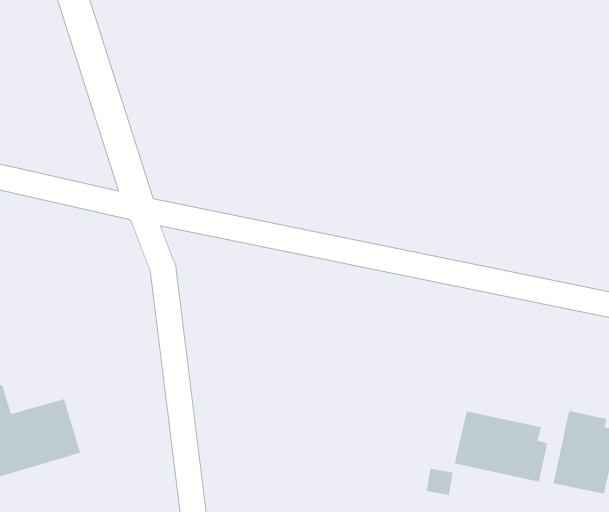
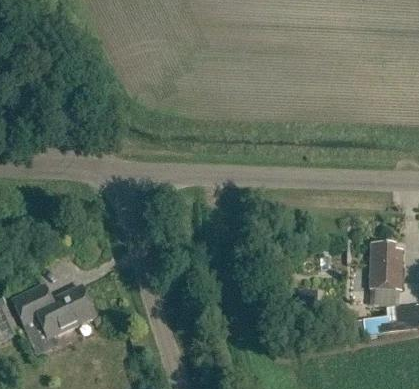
building: [454,410,548,483] -> none

